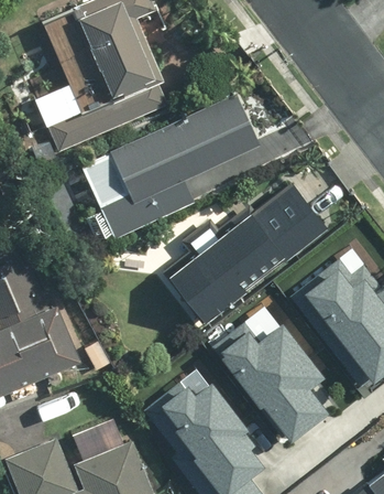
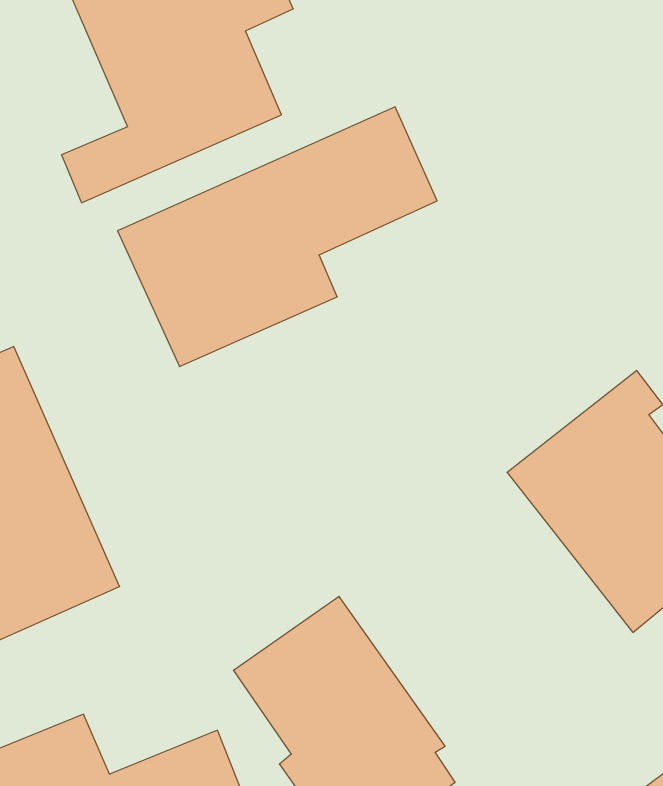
building: [162,181,330,329] -> none
building: [204,301,323,448] -> none

